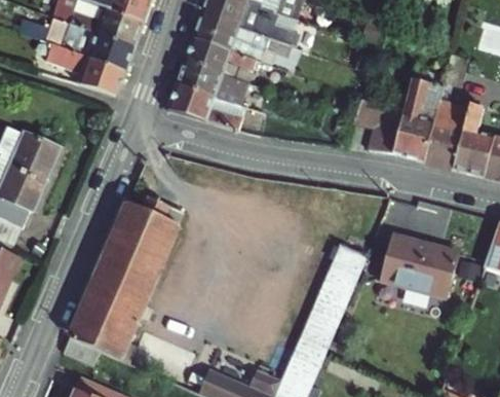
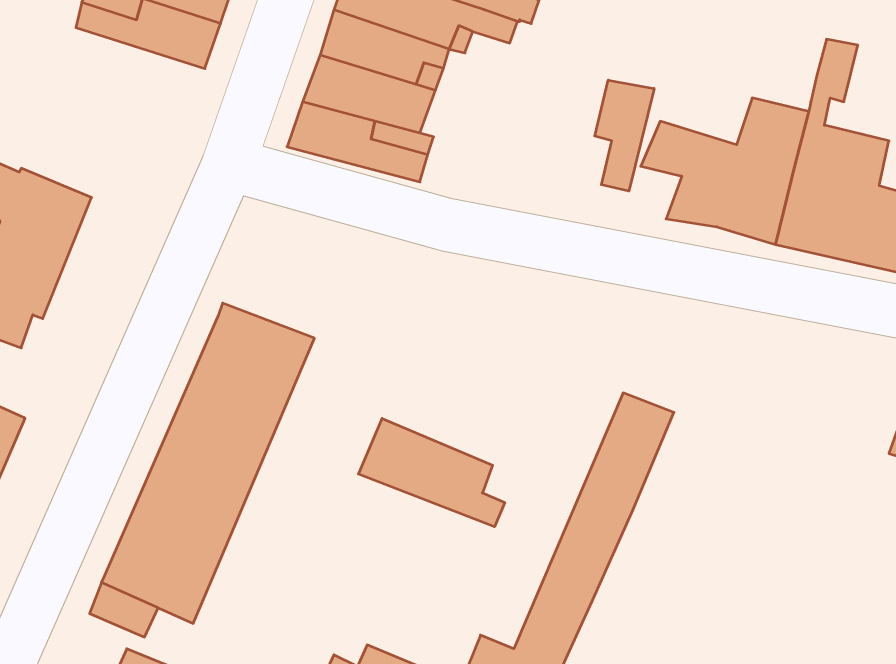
building: [31,41,123,96] -> none
building: none -> [595,80,654,191]
building: [384,237,460,299] -> none
building: none -> [358,418,505,527]

